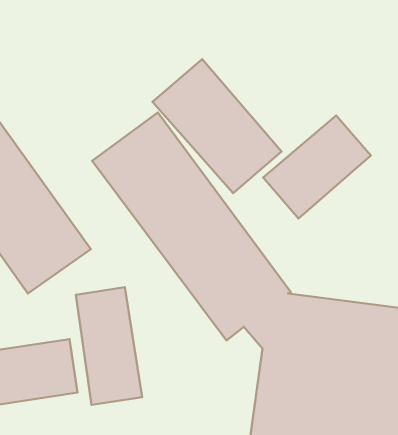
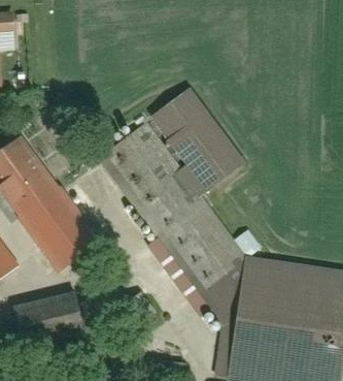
building: [263,116,371,218] -> none
building: [76,287,142,405] -> none

